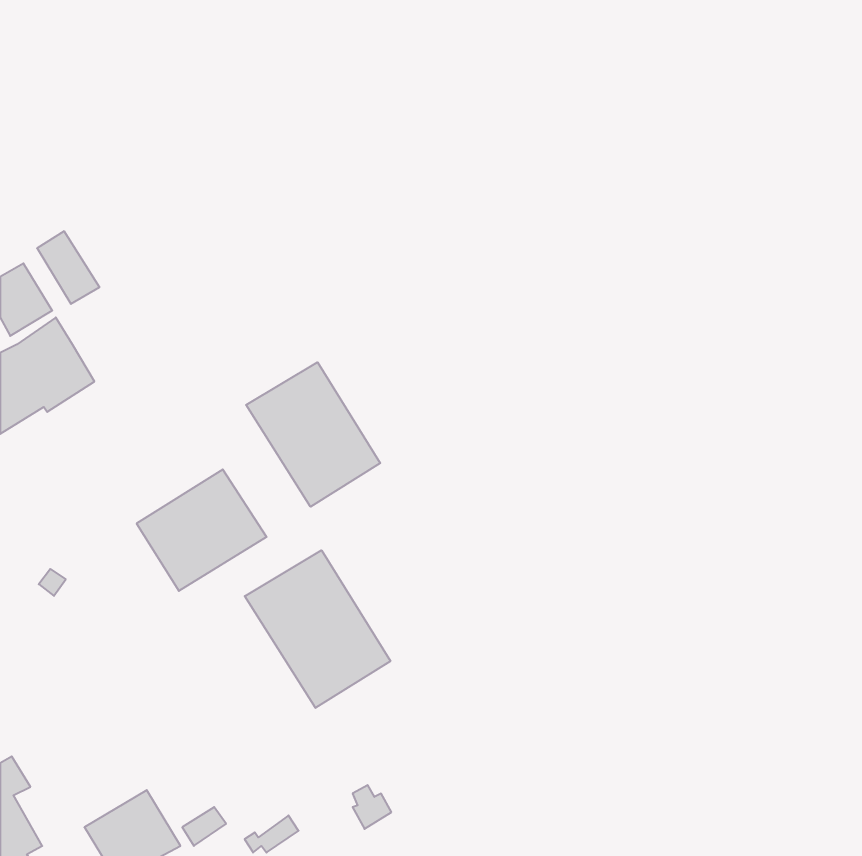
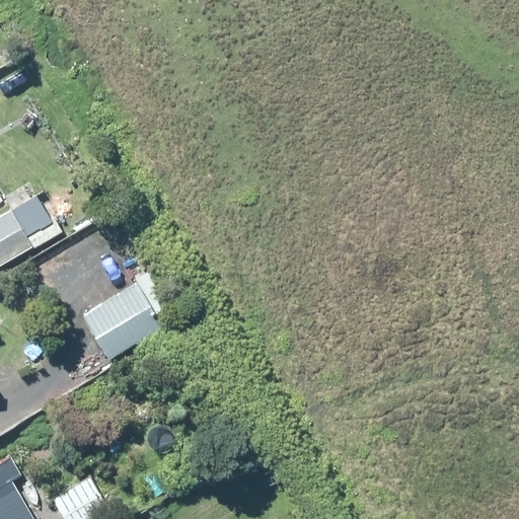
building: [246,362,380,507] -> none
building: [245,550,390,708] -> none

